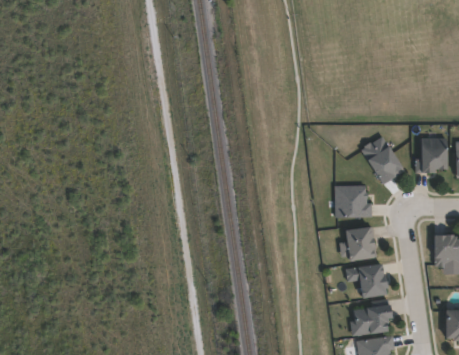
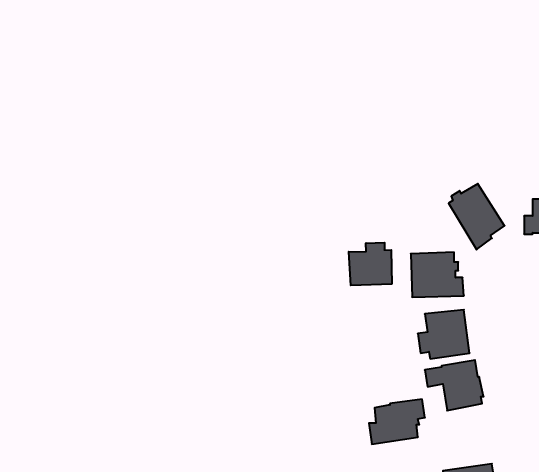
building: none -> [349,243,392,285]
building: [351,304,391,336] -> [369,399,425,444]

